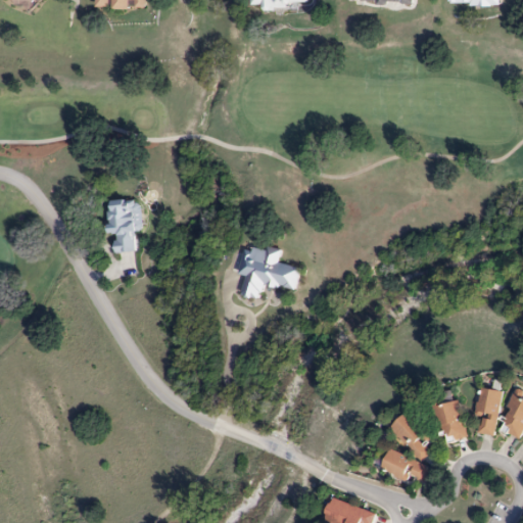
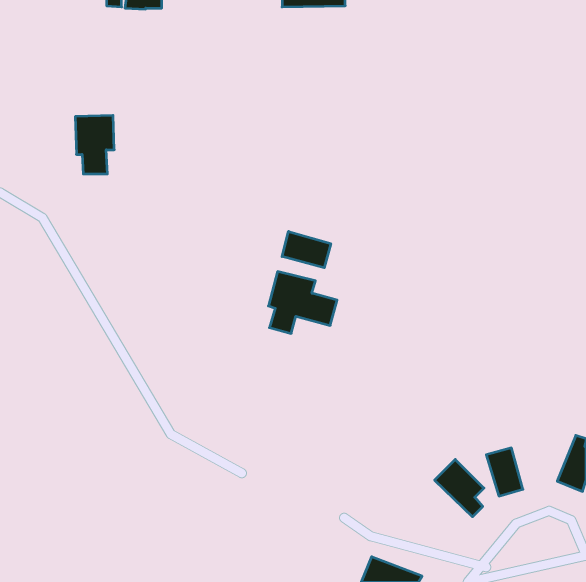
building: [107,198,142,250] -> [75,115,114,174]
building: none -> [282,231,331,268]
building: [474,387,500,435] -> none
building: [379,449,431,485] -> none

